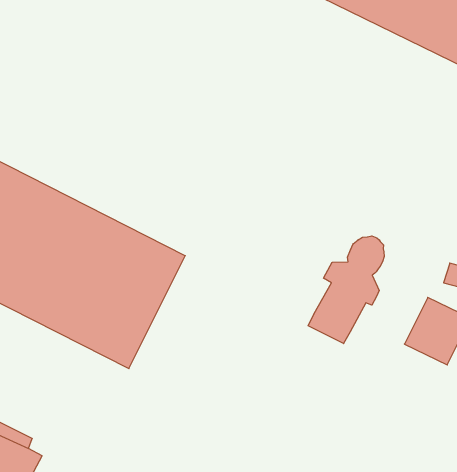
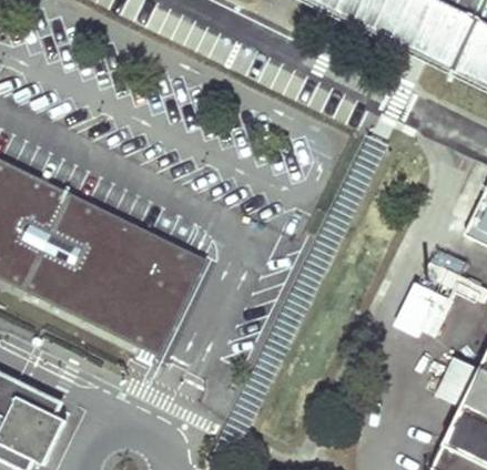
building: [308,236,384,344] -> none

